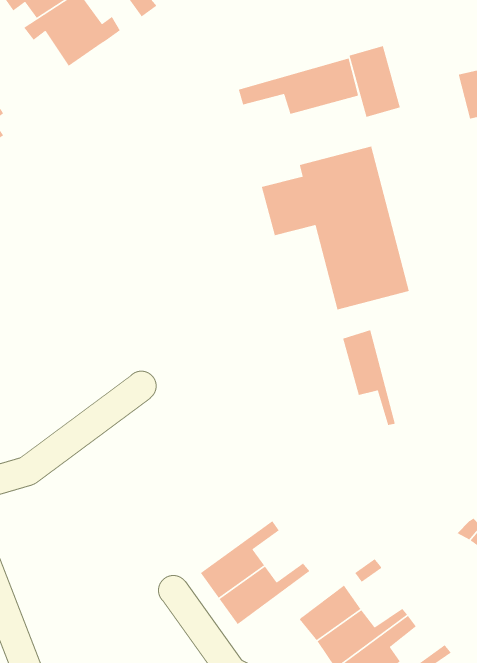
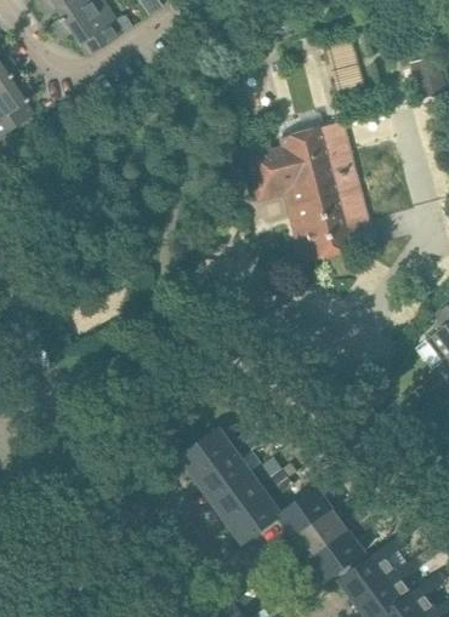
building: [238,57,359,115] -> none
building: [342,329,396,426] -> none
building: none -> [181,427,257,478]
building: none -> [228,476,295,543]

